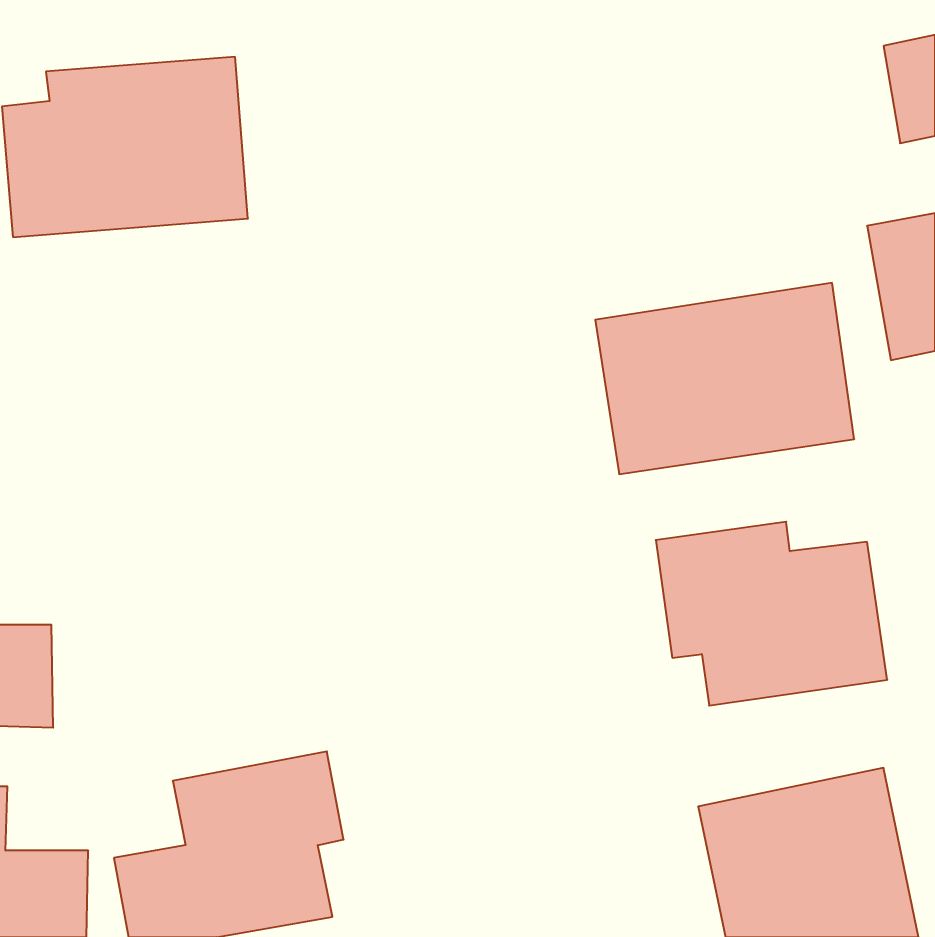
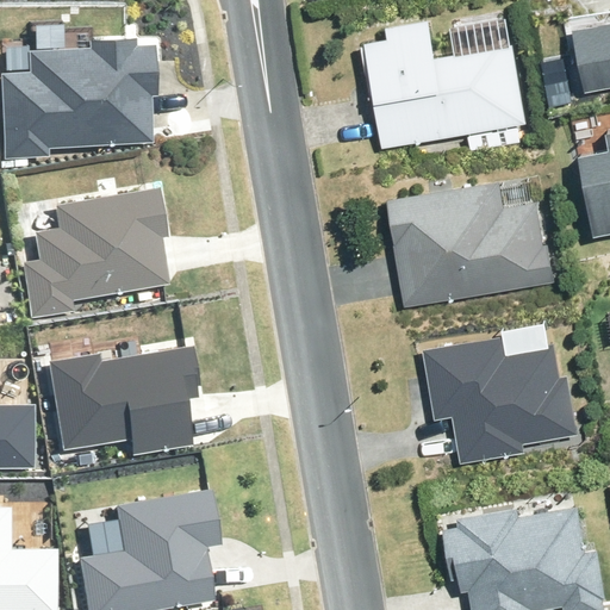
building: none -> [369,20,530,155]
building: none -> [18,186,169,319]
building: none -> [50,347,201,453]

